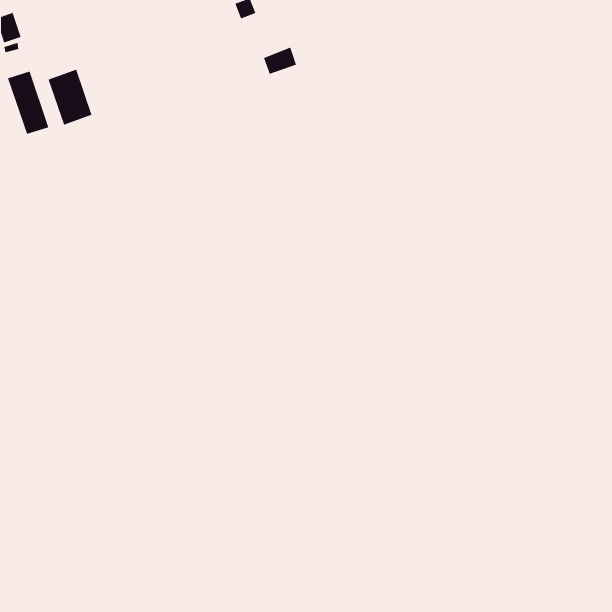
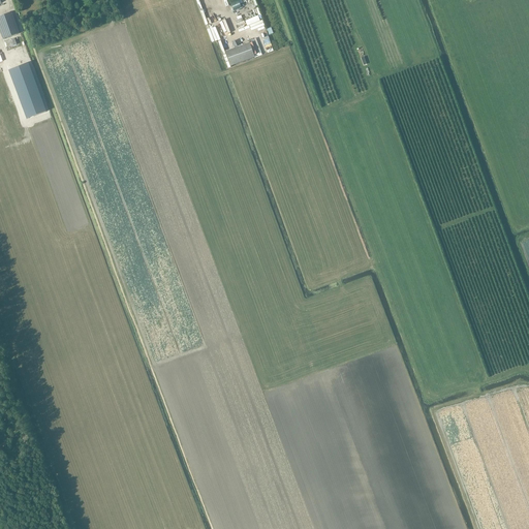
building: [48,69,92,125] -> none

